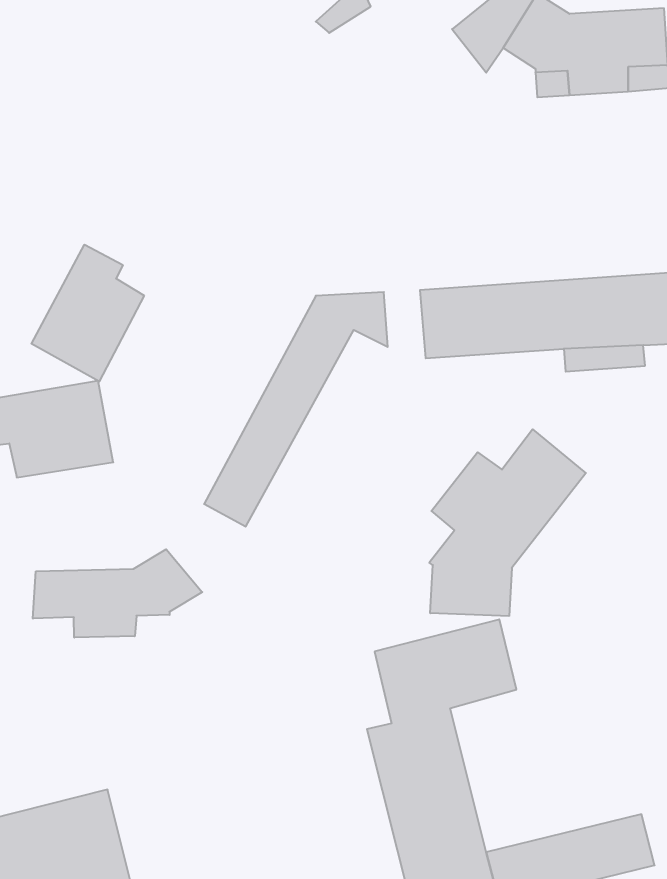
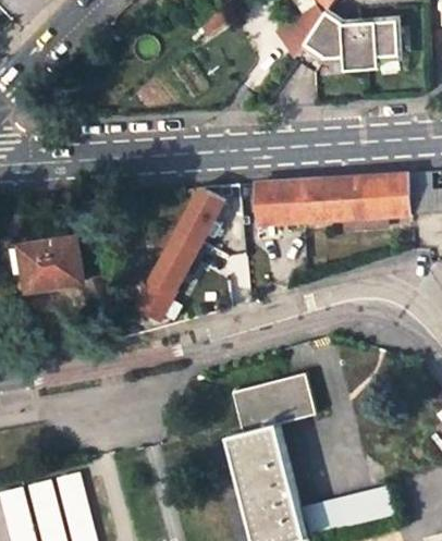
building: [31,245,144,382] -> none
building: [429,429,586,616] -> none
building: [33,549,202,638] -> none

